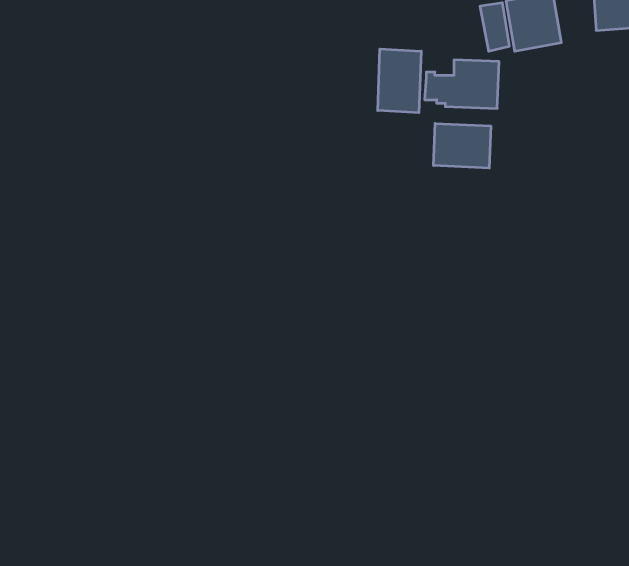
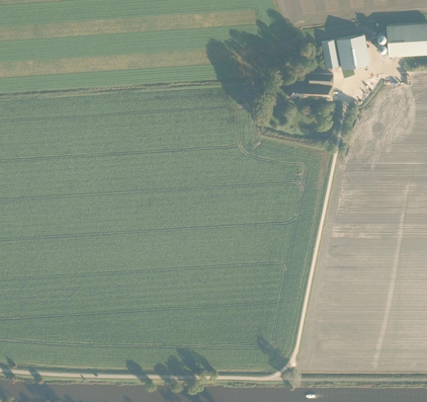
building: [378,49,421,113] -> none
building: [434,123,491,168] -> none

